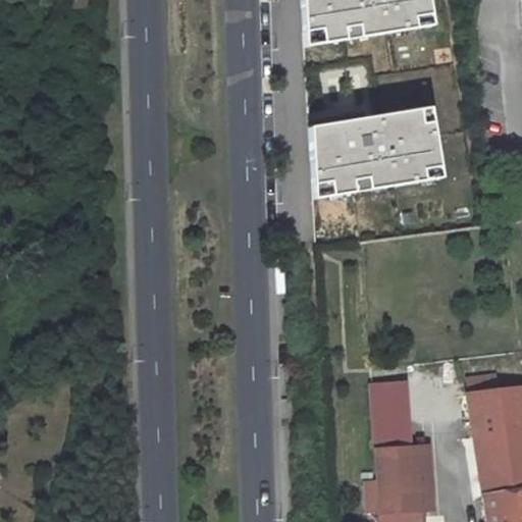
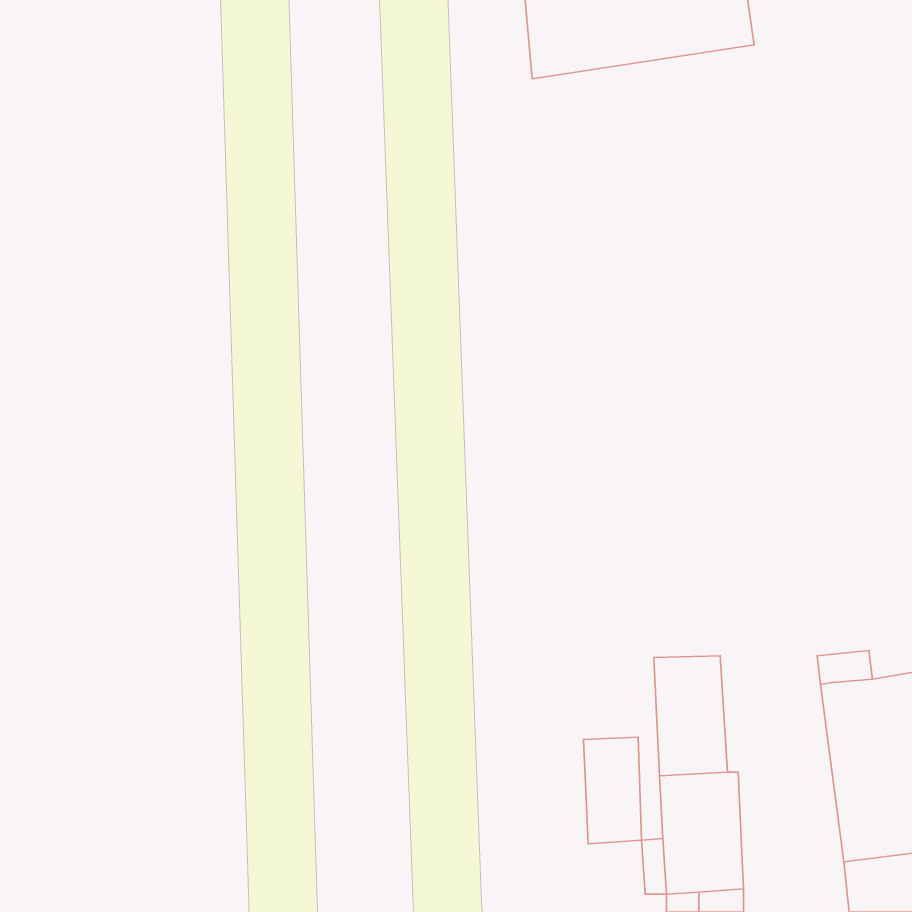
building: [310,107,441,197] -> none
building: none -> [584,737,641,844]

